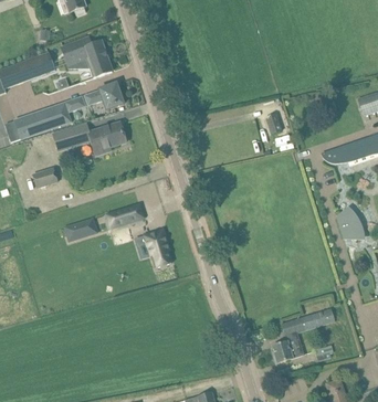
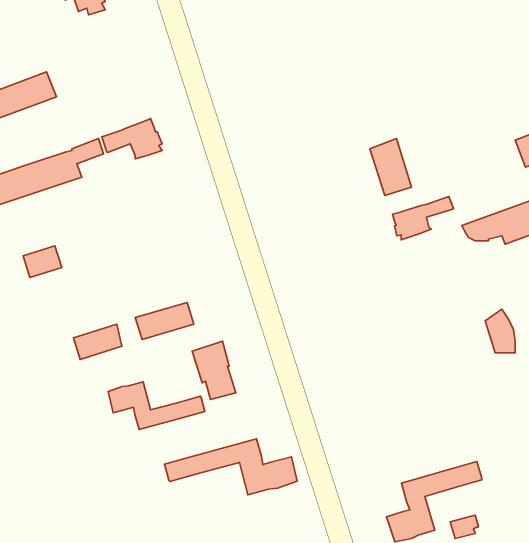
building: [61,36,112,76] -> none
building: [52,121,126,154] -> none
building: none -> [393,197,453,240]
building: none -> [108,382,205,430]
building: none -> [164,439,297,495]

